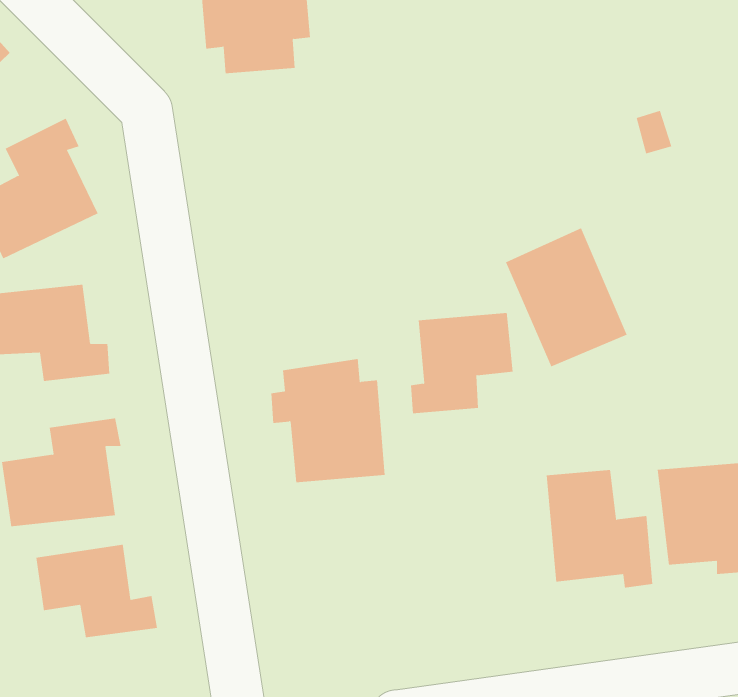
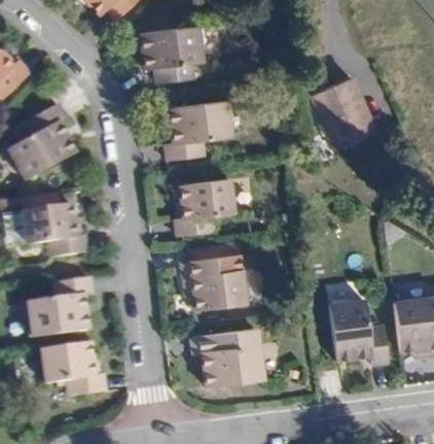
building: none -> [159,105,224,163]
building: [505,228,627,367] -> [314,76,379,151]
building: [410,313,513,414] -> [173,180,228,235]
building: none -> [188,329,256,382]

